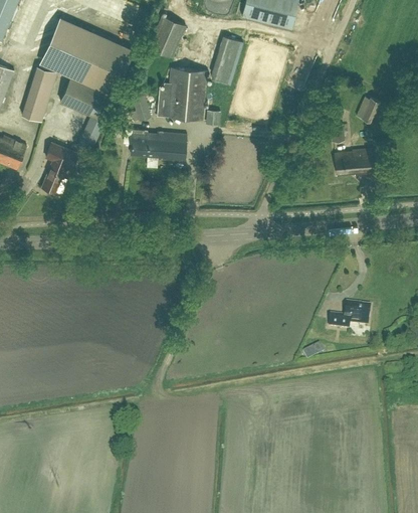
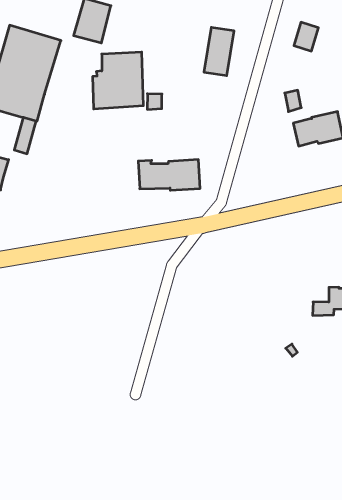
building: [211,35,243,80] -> [204,27,234,76]
building: [356,95,380,122] -> [294,22,318,51]
building: [131,128,187,160] -> [138,160,200,190]

